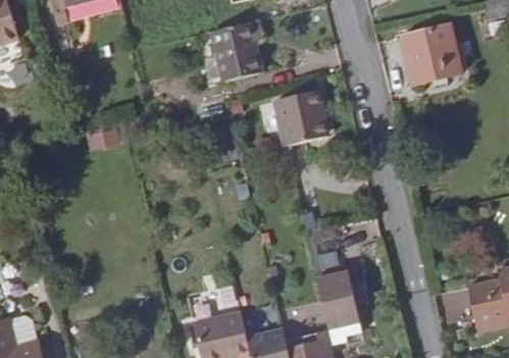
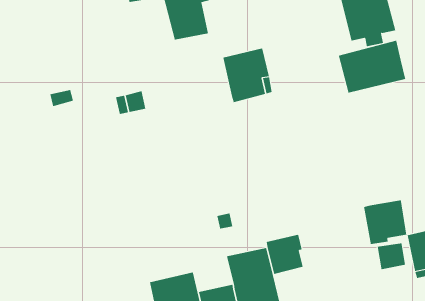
building: none -> [338,40,406,93]
building: none -> [363,200,407,245]
building: [317,265,368,300] -> none

